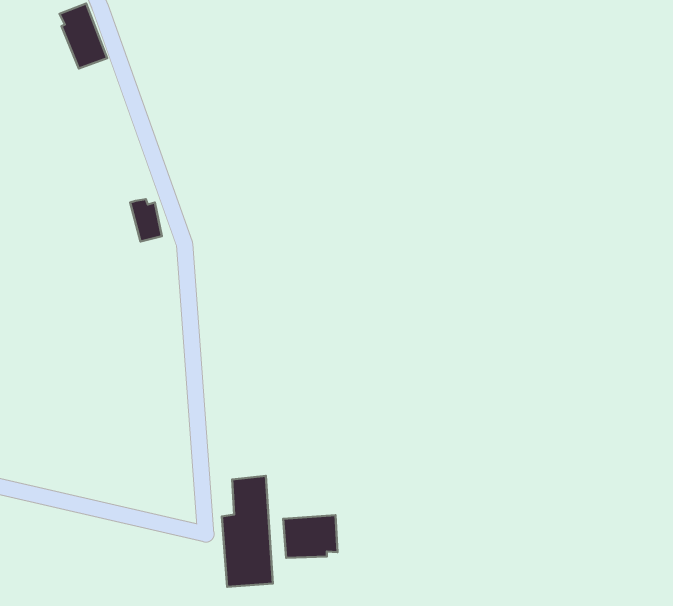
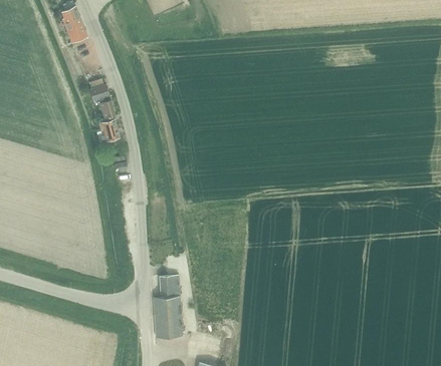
building: none -> [89,85,115,118]
building: [283,515,338,558] -> none

